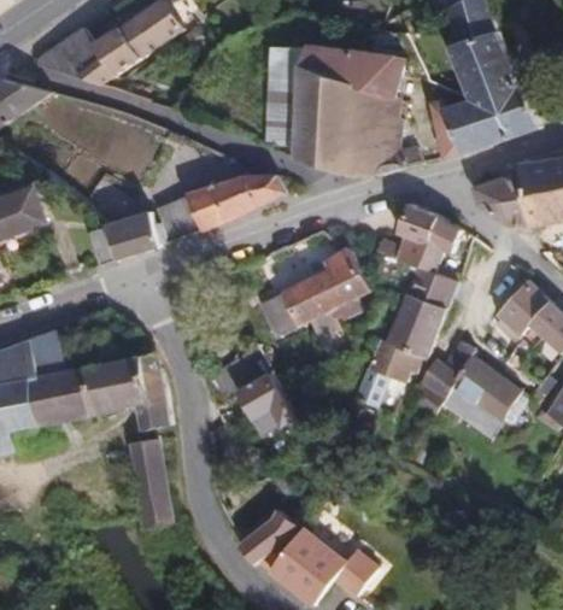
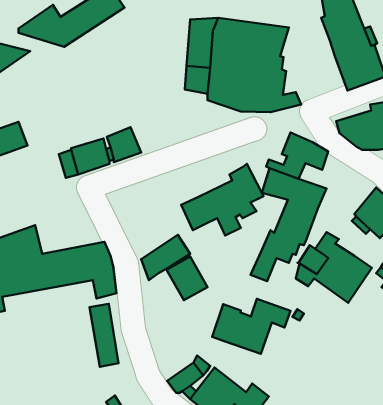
building: [432,99,487,158] -> none
building: [187,174,285,230] -> none
building: none -> [212,299,290,354]

